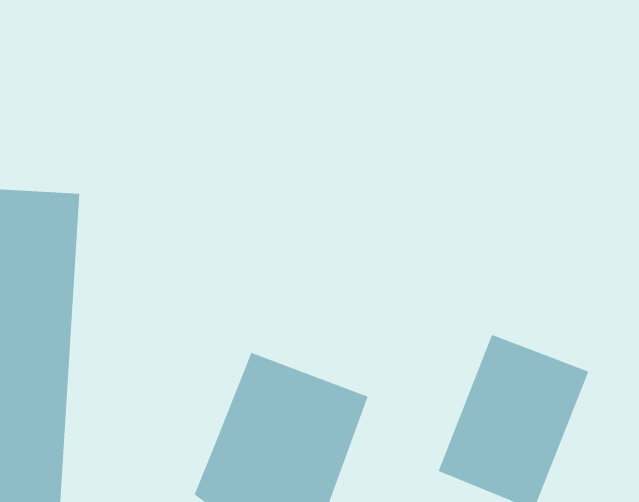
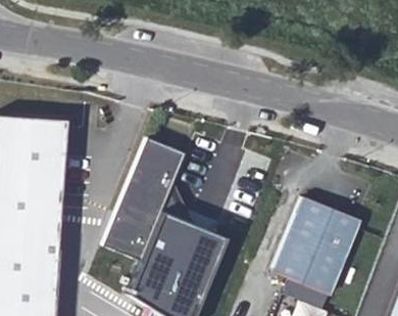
building: none -> [104,136,188,262]

